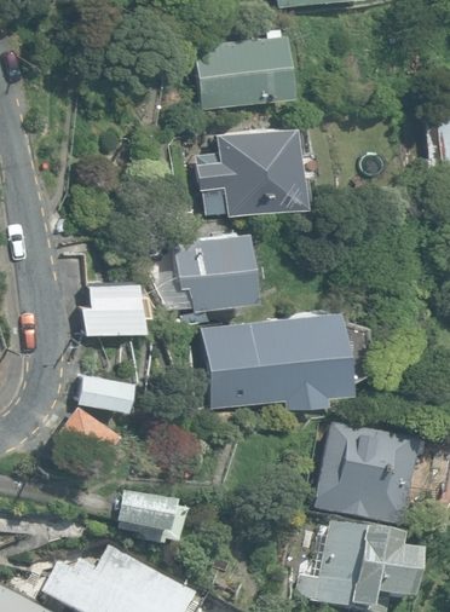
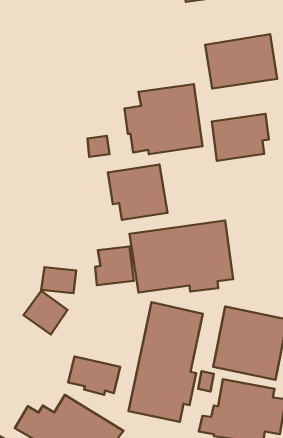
building: [196,35,295,110] -> [205,34,277,88]
building: none -> [212,114,269,161]
building: [85,281,138,334] -> [95,247,134,285]
building: none -> [129,302,203,422]

